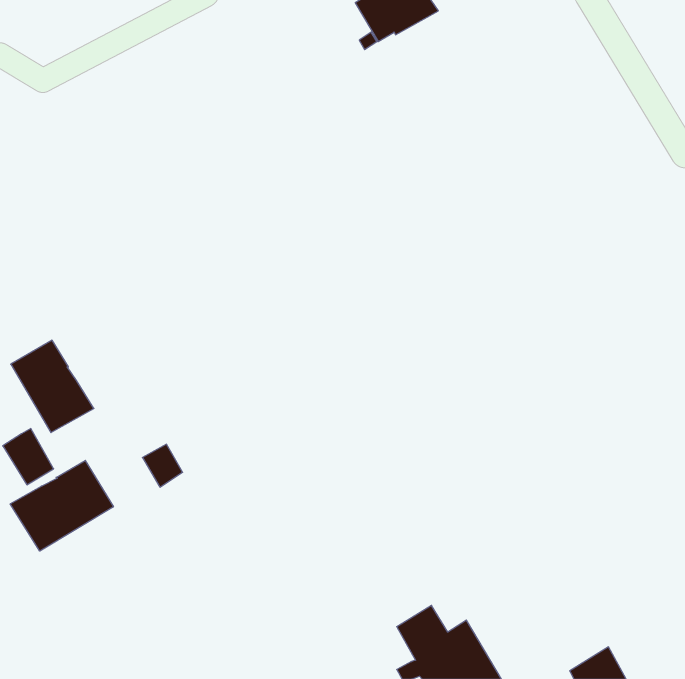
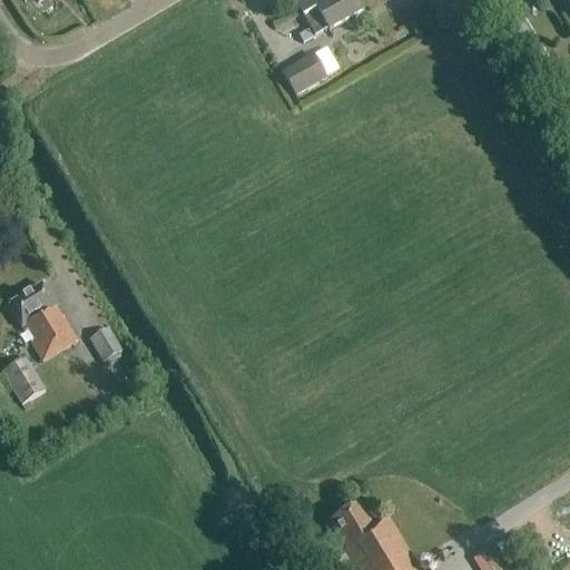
building: none -> [282,53,326,95]
building: [142,444,183,487] -> [88,327,121,363]
building: [10,460,113,551] -> none

